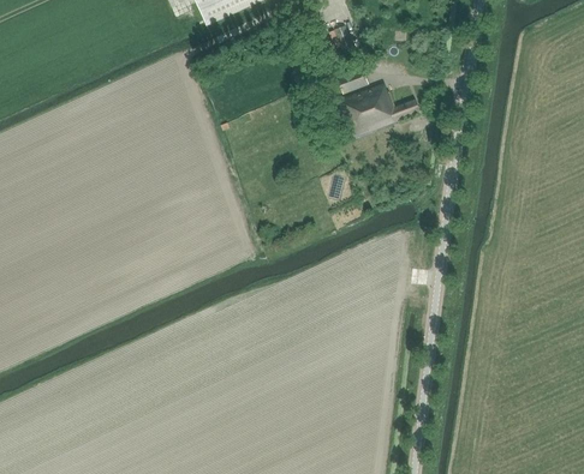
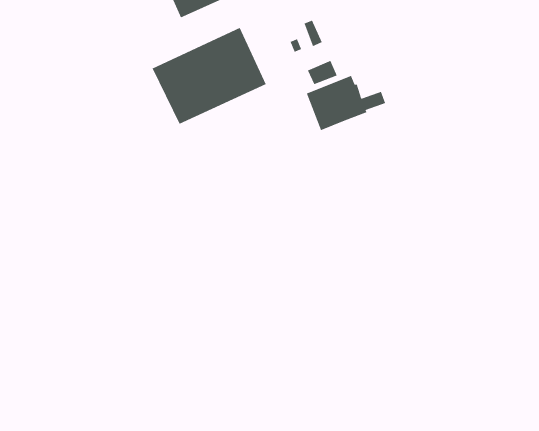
building: none -> [152,27,267,125]

